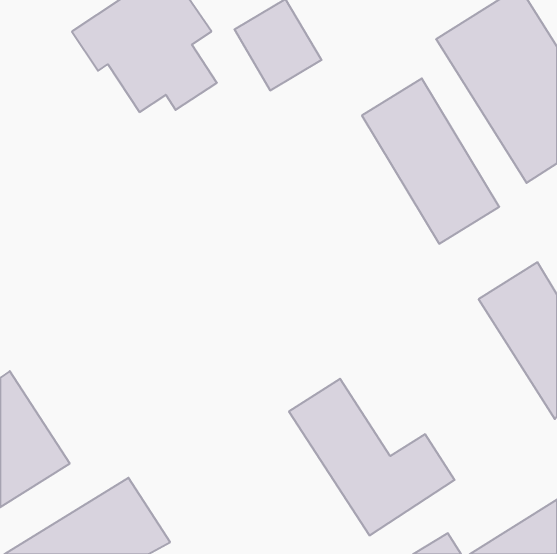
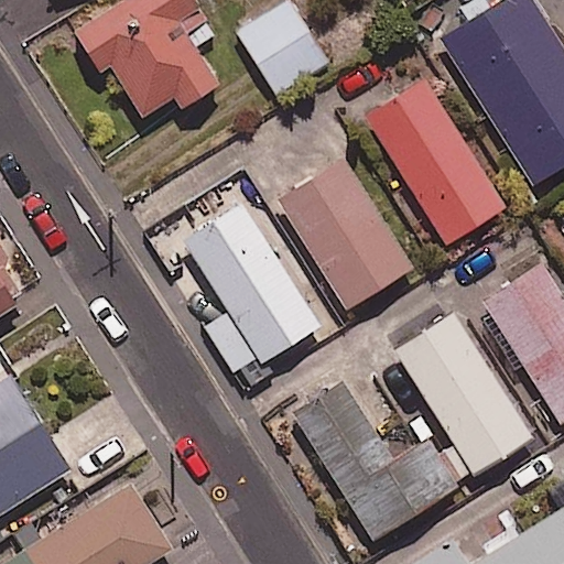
building: none -> [278,158,412,310]
building: none -> [180,196,319,378]
building: none -> [397,315,531,475]

